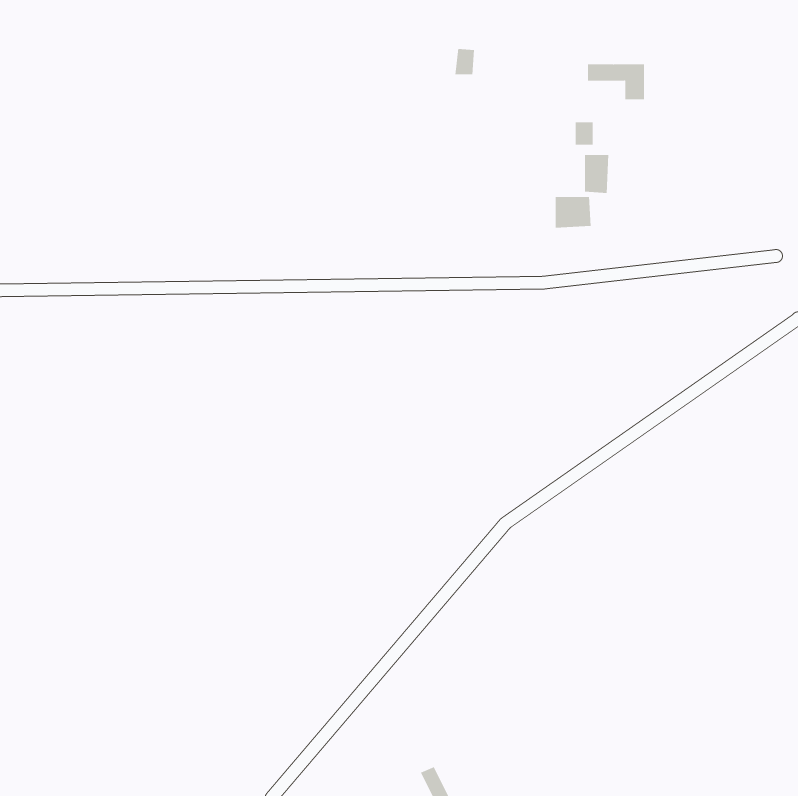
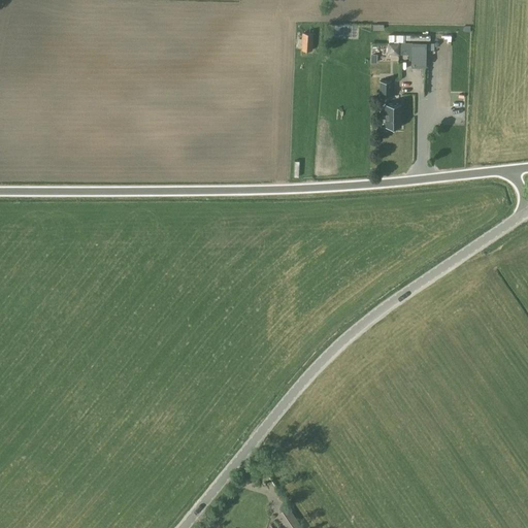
building: [555,196,591,229] -> none

